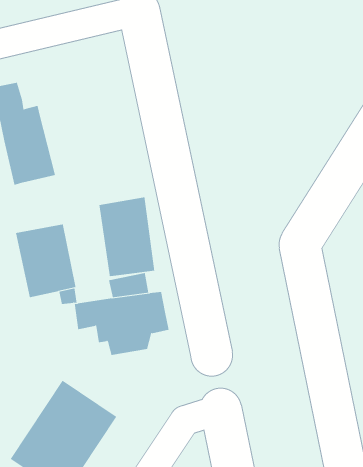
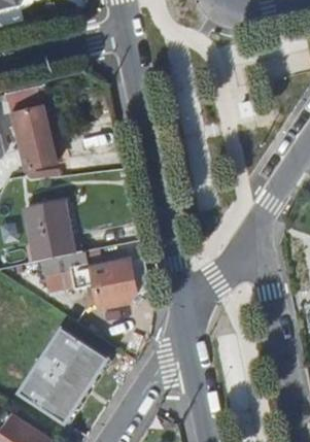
building: [99,196,155,277] -> none

